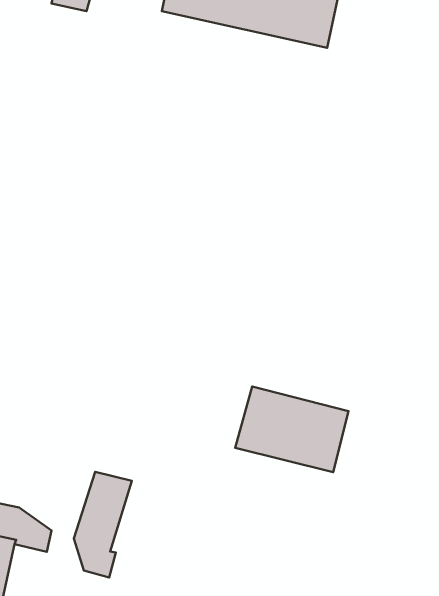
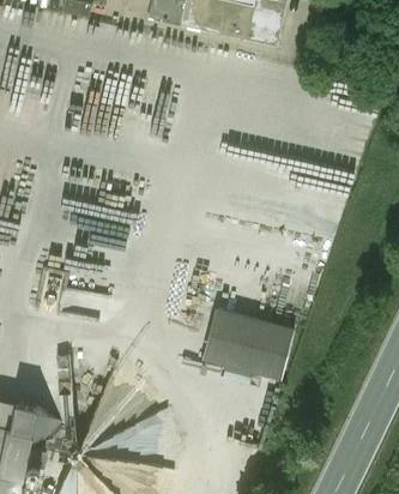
building: [74,472,132,577] -> none

